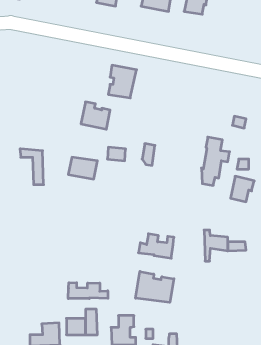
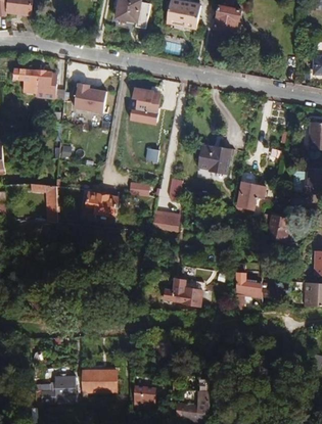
building: none -> [13,68,57,98]
building: [81,102,110,129] -> [73,83,105,113]
building: none -> [197,145,233,174]
building: none -> [152,209,180,231]
building: [136,271,174,302] -> none
building: [68,283,108,299] -> none

